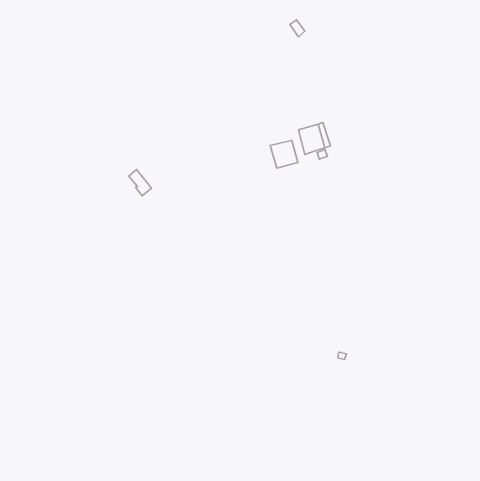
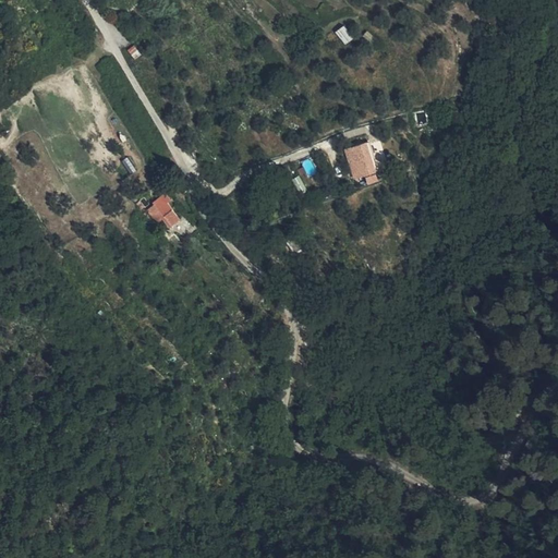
building: [270,140,298,168] -> none

